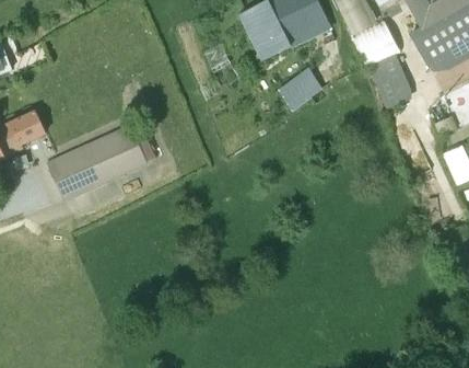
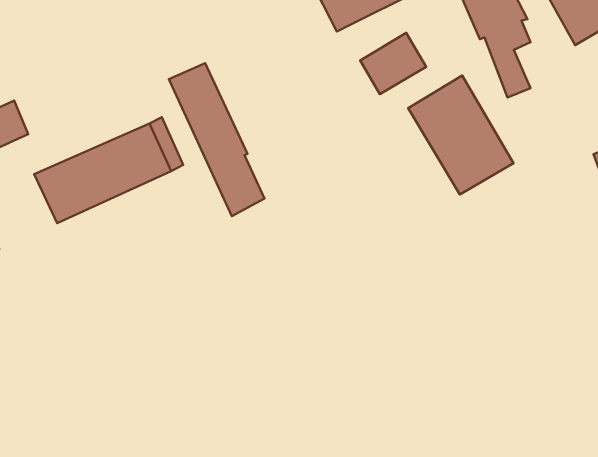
building: none -> [169,63,265,216]
building: none -> [408,76,514,195]

